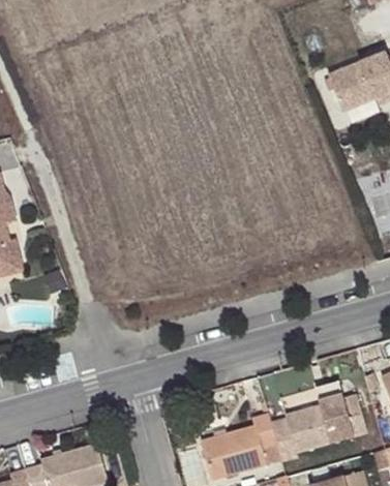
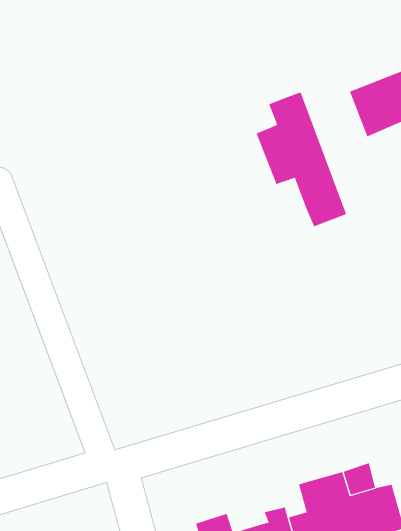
building: none -> [256,92,347,227]

